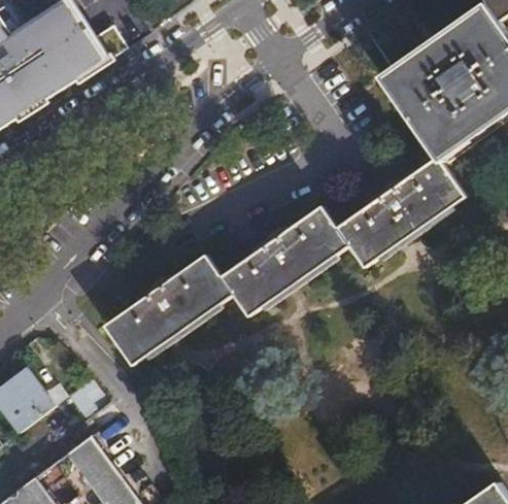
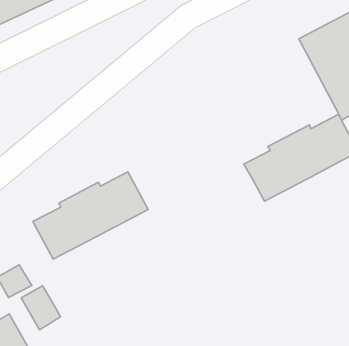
building: [221,207,349,318] -> none
building: none -> [21,286,61,330]

